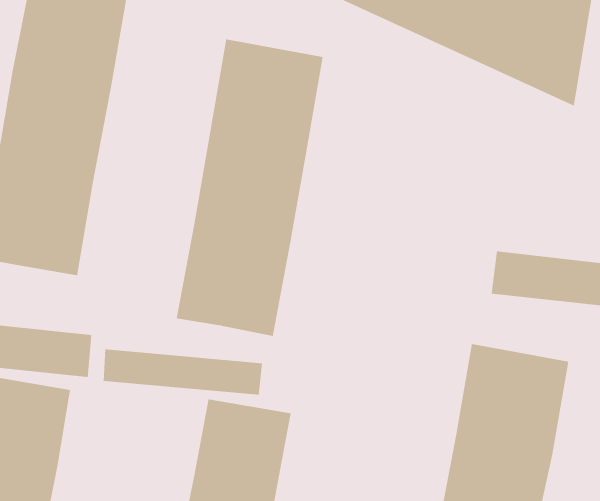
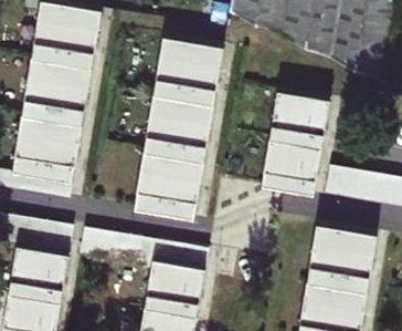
building: none -> [261,92,330,198]

